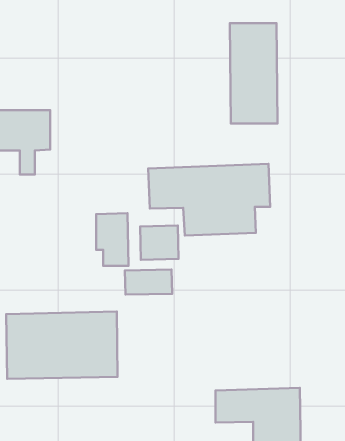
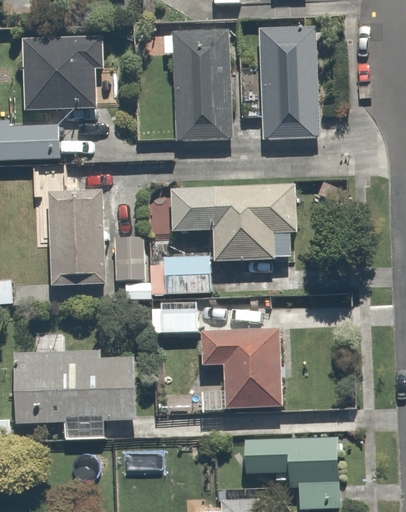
building: none -> [162,29,235,135]
building: none -> [18,40,101,109]
building: none -> [46,195,106,288]
building: none -> [201,328,280,410]

